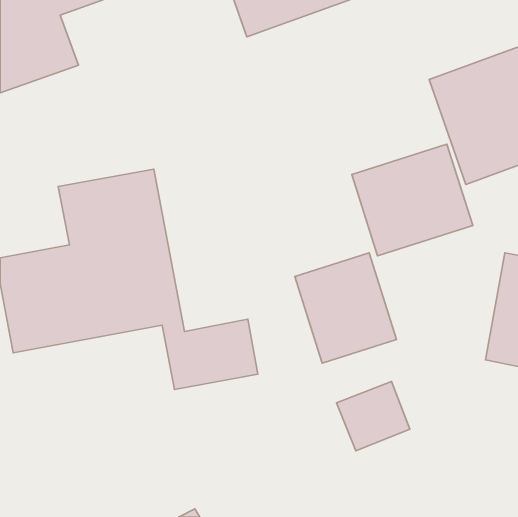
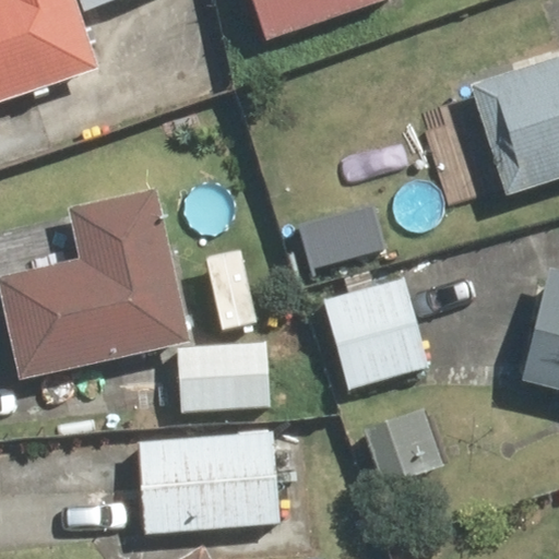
building: [352,144,473,256] -> none
building: none -> [136,437,282,531]

